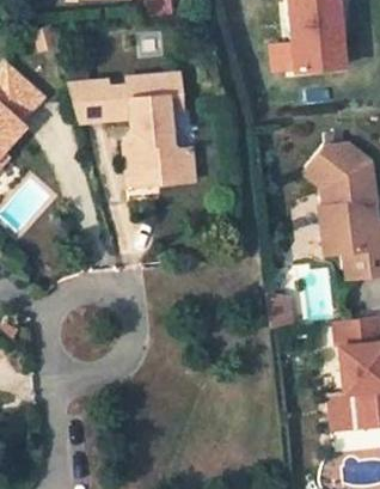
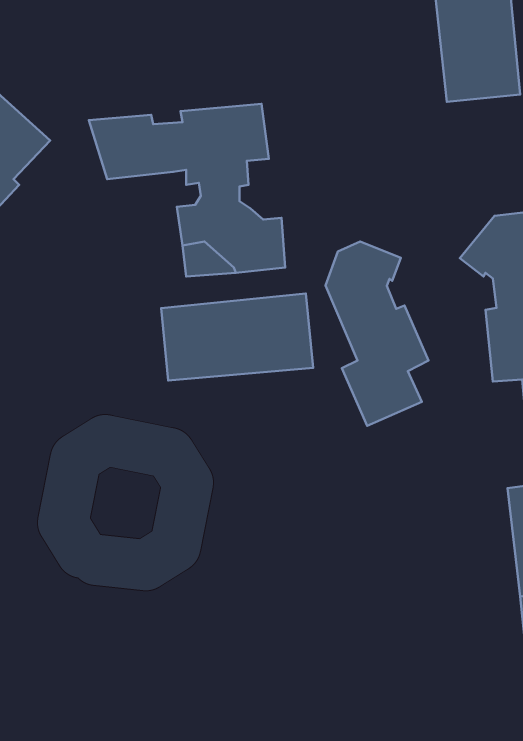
building: none -> [325,241,428,426]
building: none -> [161,294,313,381]

